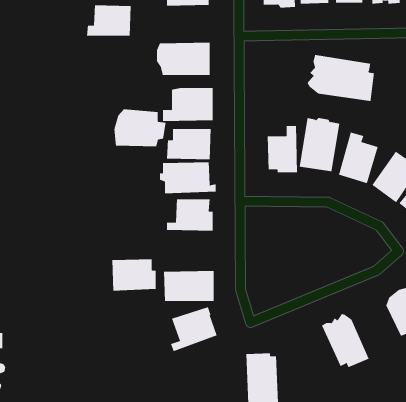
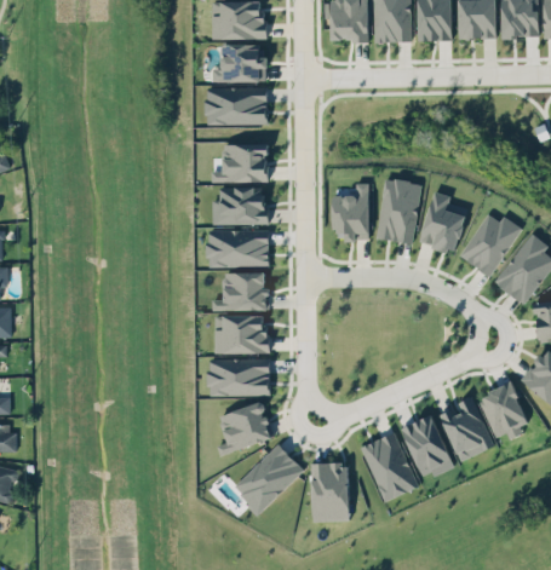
building: [86,5,132,36] -> [212,46,266,84]
building: [307,54,375,102] -> none
building: [114,109,166,147] -> none
building: [111,259,157,291] -> [212,312,266,351]
building: none -> [438,401,494,464]
building: none -> [358,430,417,499]
building: none -> [233,441,304,509]

